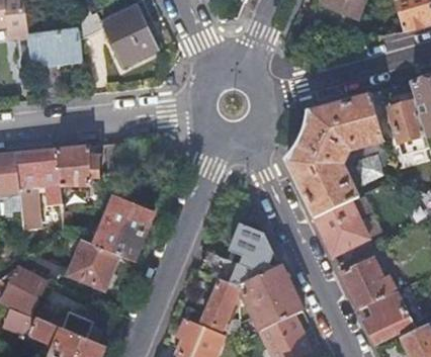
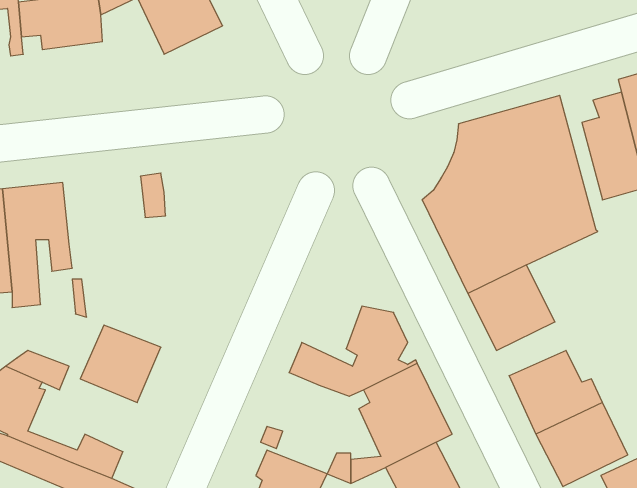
building: [55,146,97,188] -> none
building: [86,194,153,261] -> none
building: [200,278,238,329] -> none

